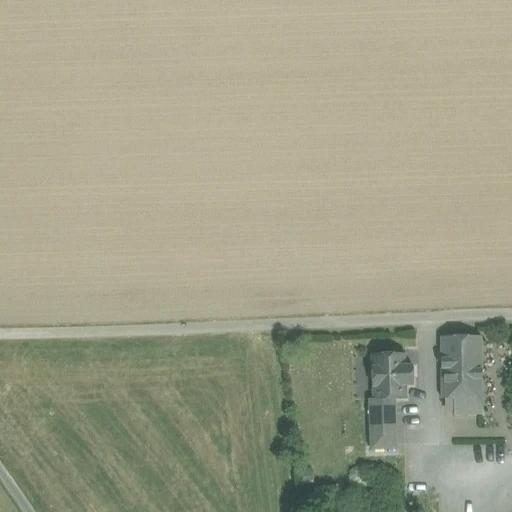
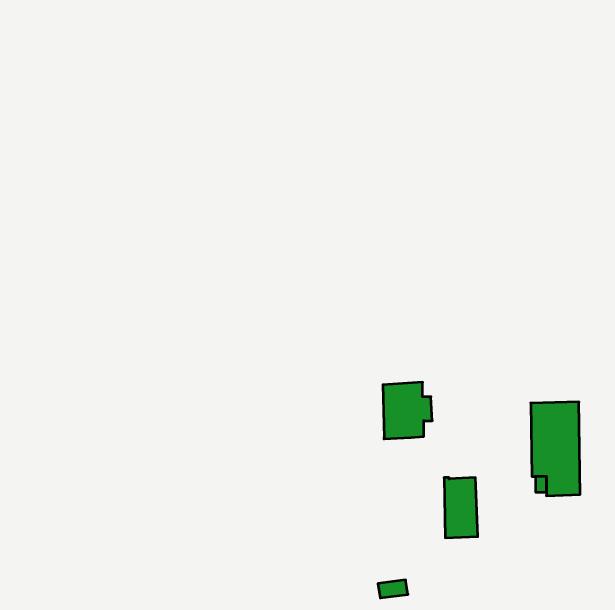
building: [372,351,413,398] -> [383,382,432,439]

